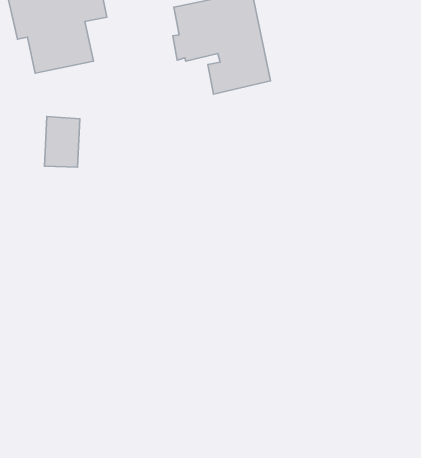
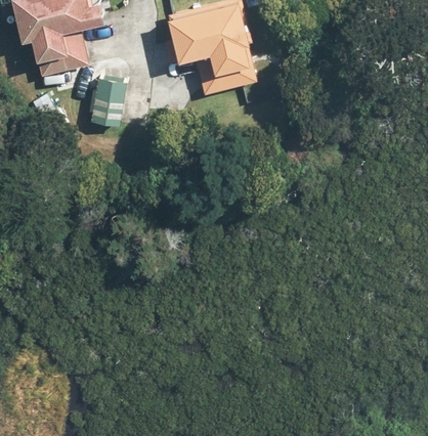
building: [44,117,80,167] -> [93,79,126,126]

